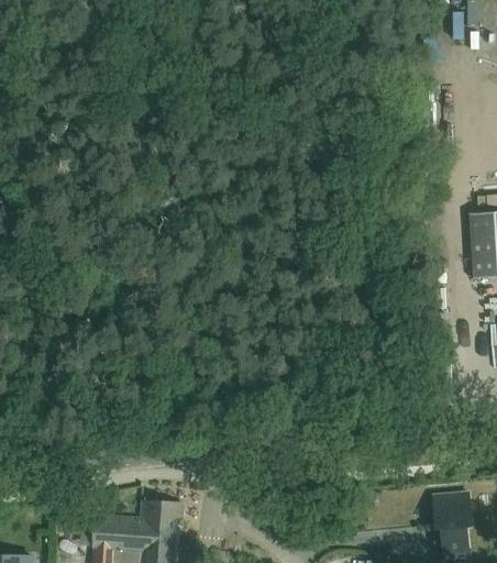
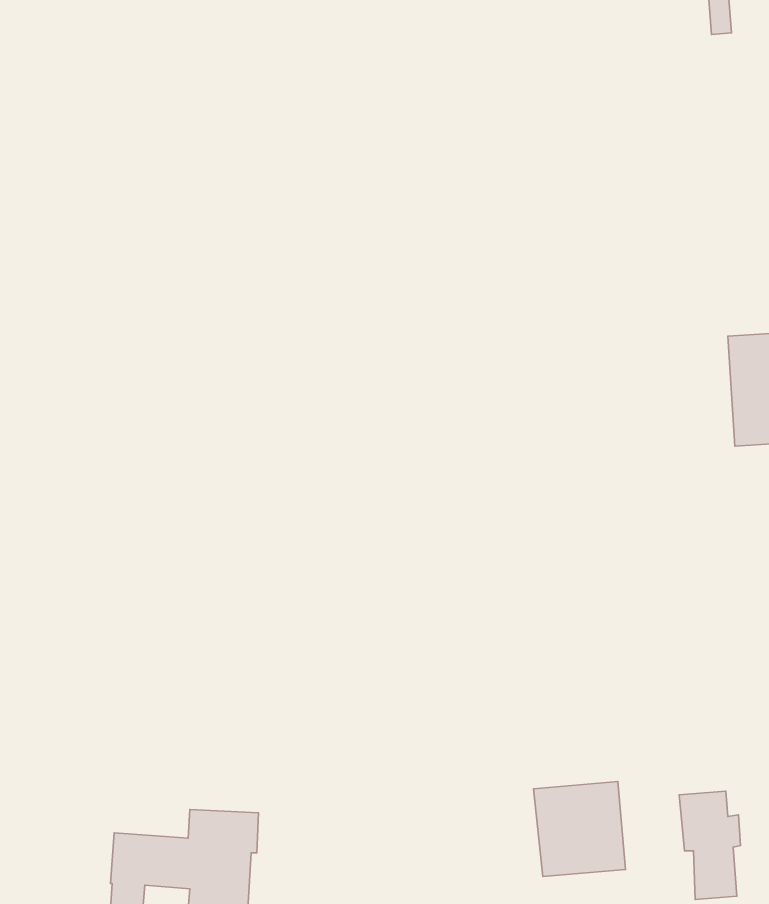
building: none -> [533,781,625,877]

